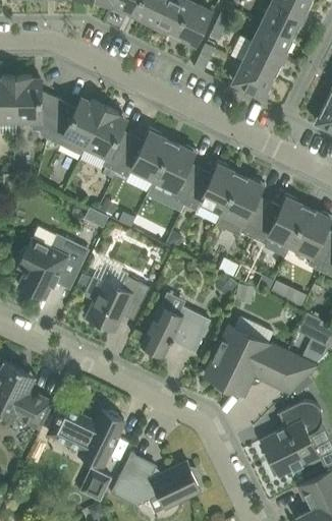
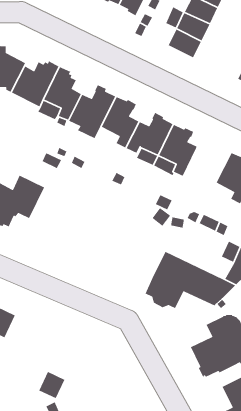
building: [146,178,183,212] -> none
building: [252,193,309,253] -> none
building: [82,275,149,331] -> none
building: [141,305,210,357] -> none
building: [49,406,124,466] -> none
building: [111,451,202,508] -> none

